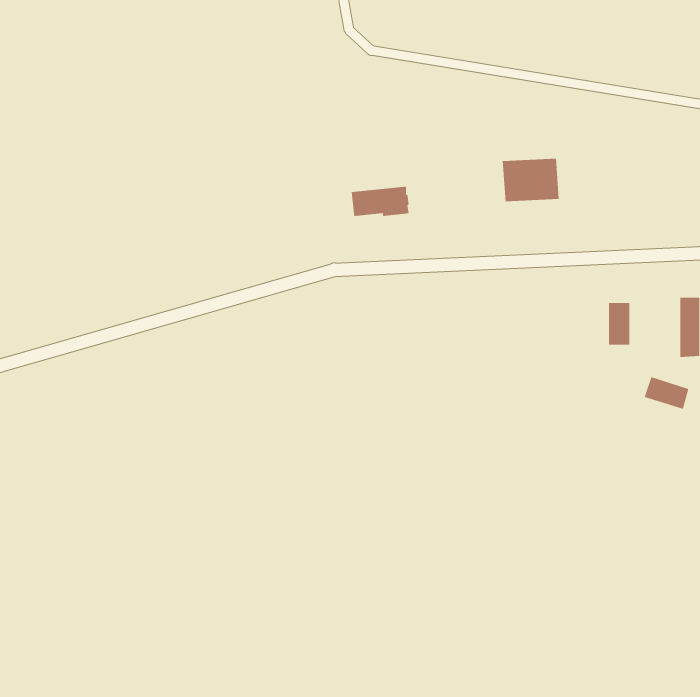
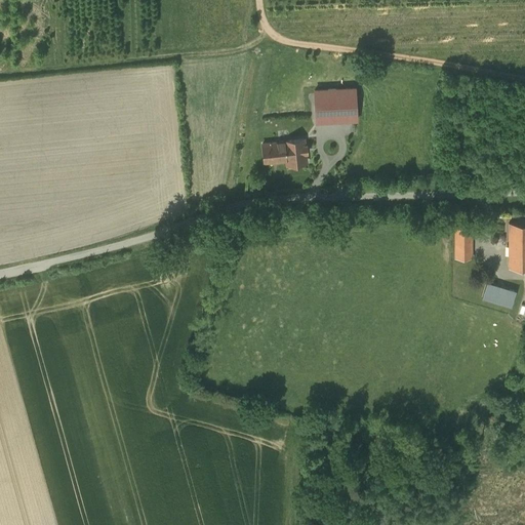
building: [502,158,560,202] -> [314,90,357,123]

